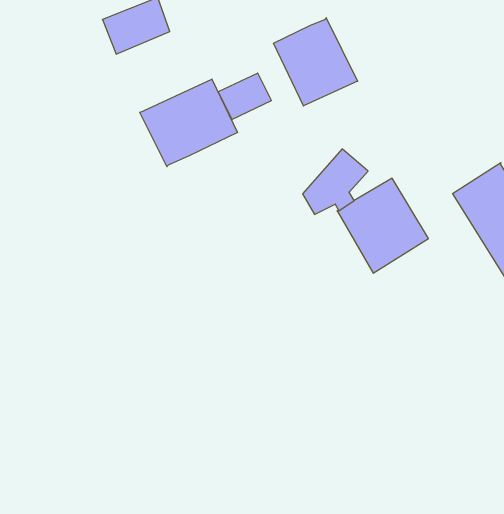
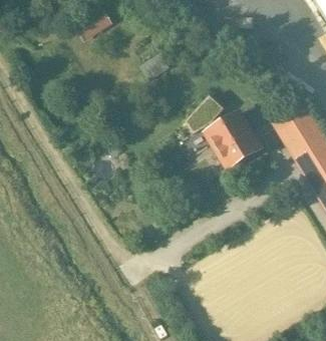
building: [273,18,358,106] -> none
building: [140,79,237,167] -> none

